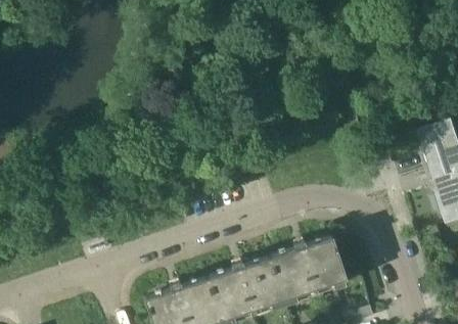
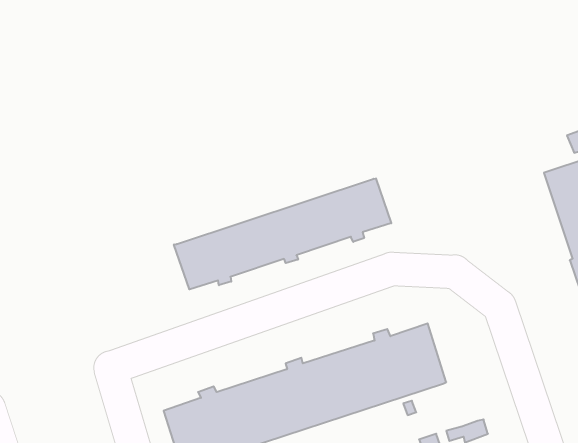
building: none -> [174,178,391,289]

